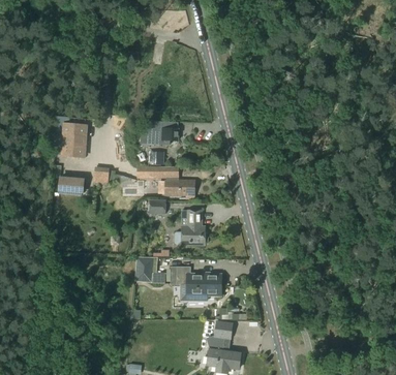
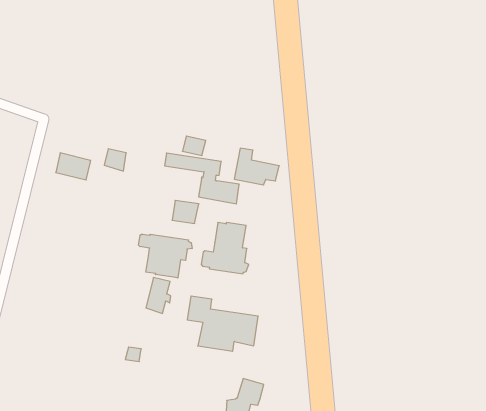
building: [148,121,179,145] -> [234,148,279,185]
building: [63,124,86,157] -> none
building: none -> [139,234,192,278]

